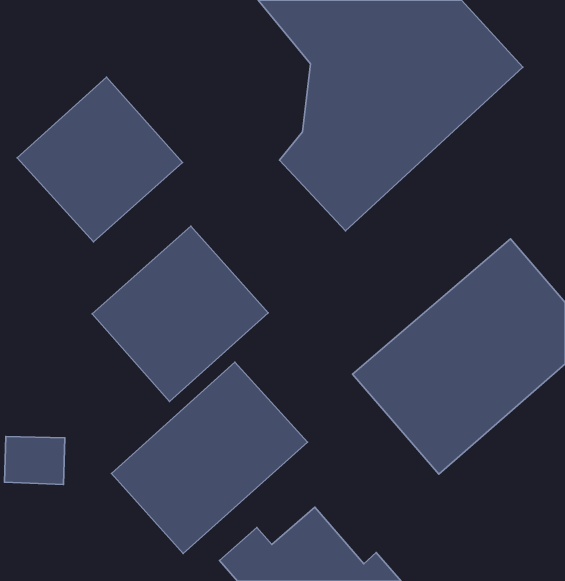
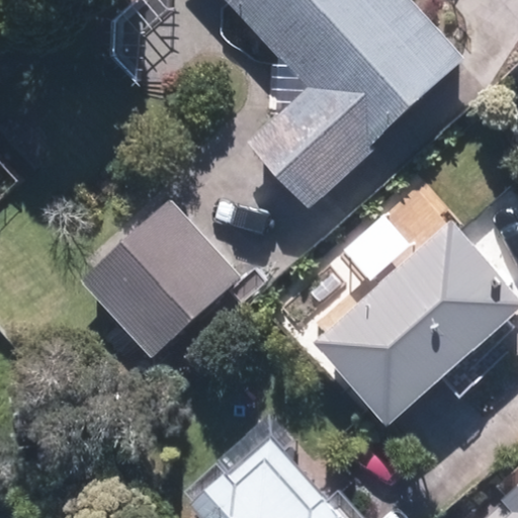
building: [17,77,183,242] -> none
building: [111,362,308,553] -> none

